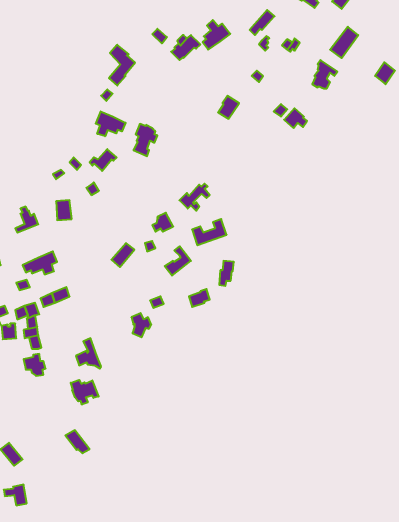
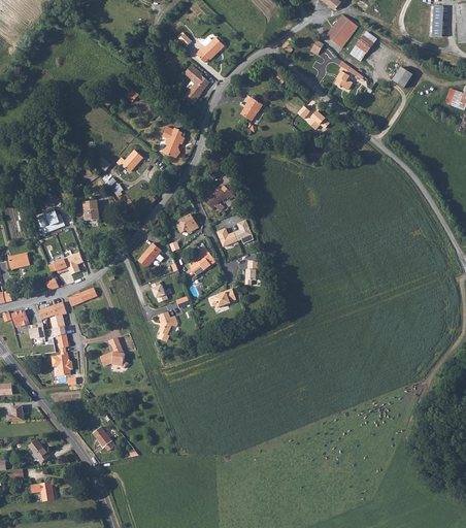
building: none -> [326,14,358,47]
building: [203,20,230,50] -> none
building: [109,45,135,86] -> [185,64,210,104]
building: [96,111,126,136] -> none
building: [71,380,99,405] -> none

